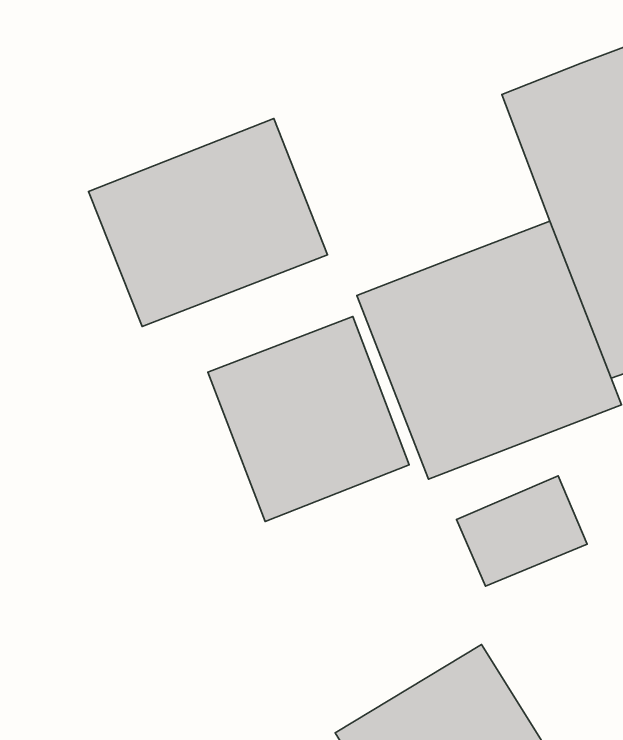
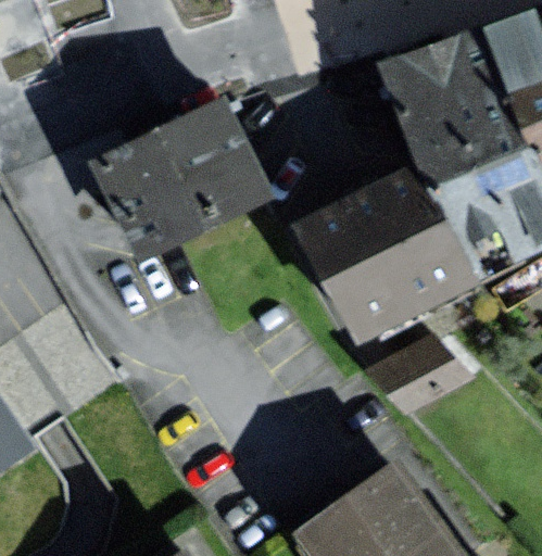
building: [208,317,409,522] -> none

